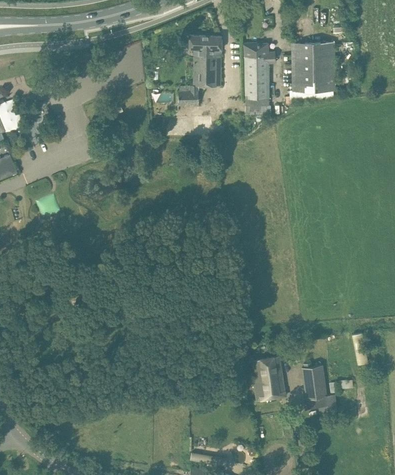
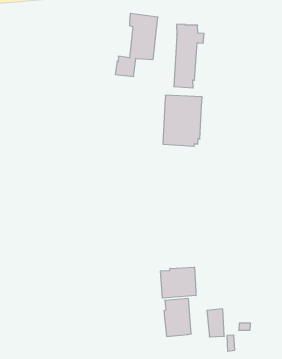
building: [292,42,335,99] -> [163,95,202,146]
building: none -> [160,267,196,298]

